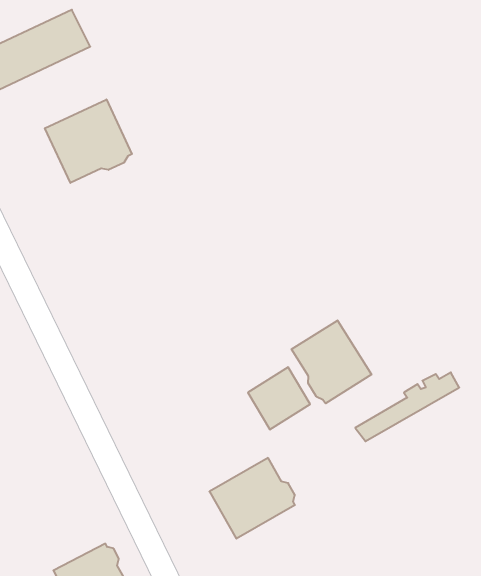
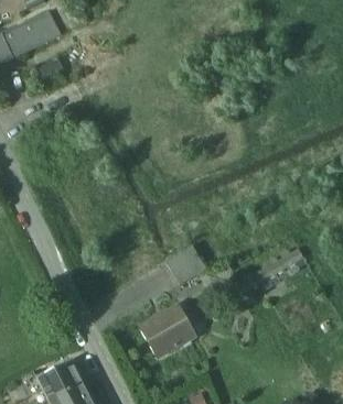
building: [45,99,132,183] -> none
building: [292,320,371,403] -> none

